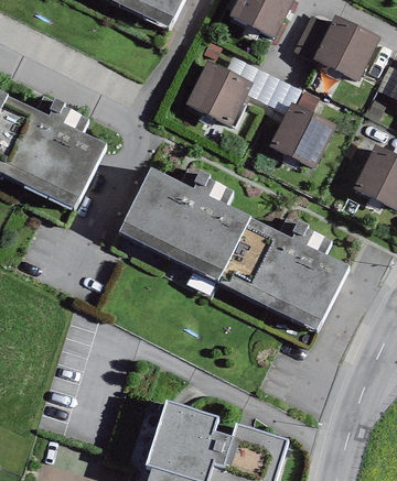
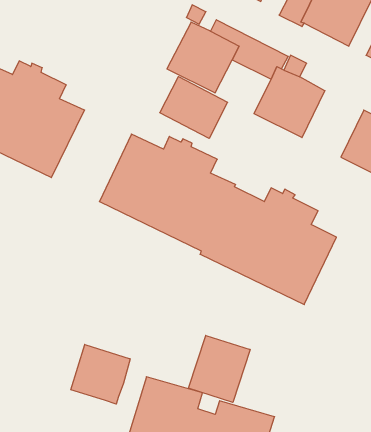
building: none -> [160,77,228,138]
building: none -> [188,335,250,402]
building: none -> [71,344,130,404]

